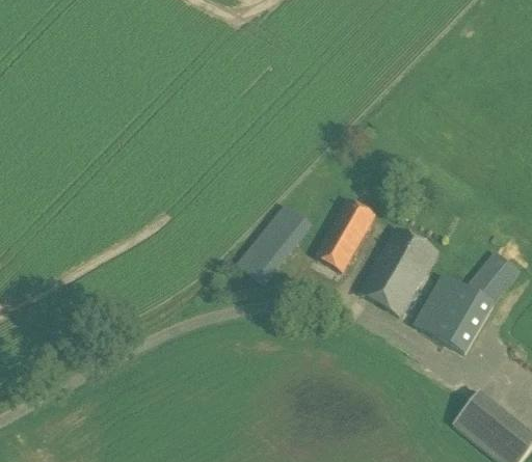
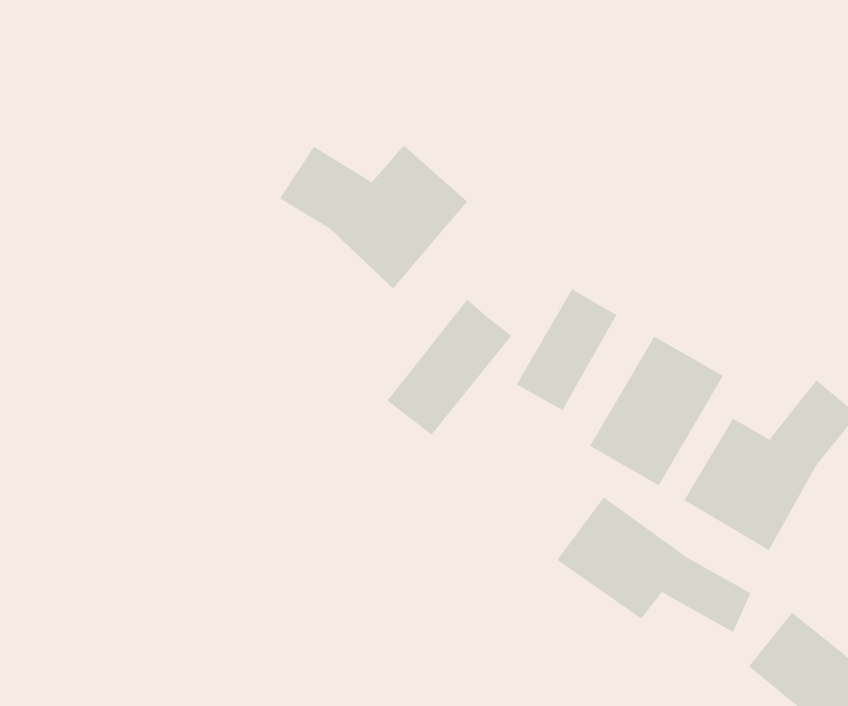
building: none -> [279,145,468,289]
building: none -> [556,496,751,633]

